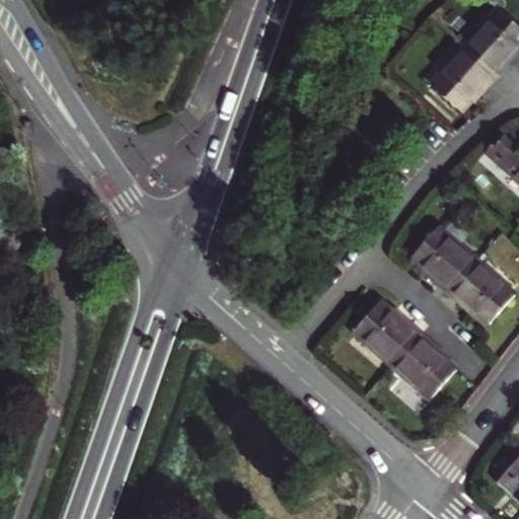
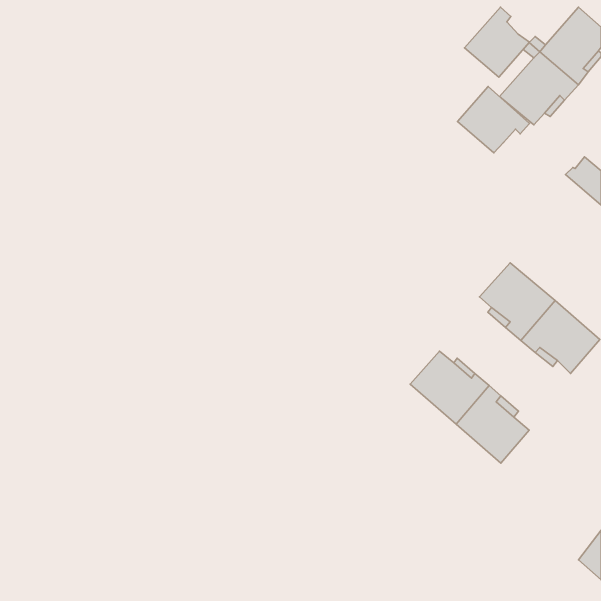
building: none -> [465,7,529,77]
building: none -> [458,86,530,153]

